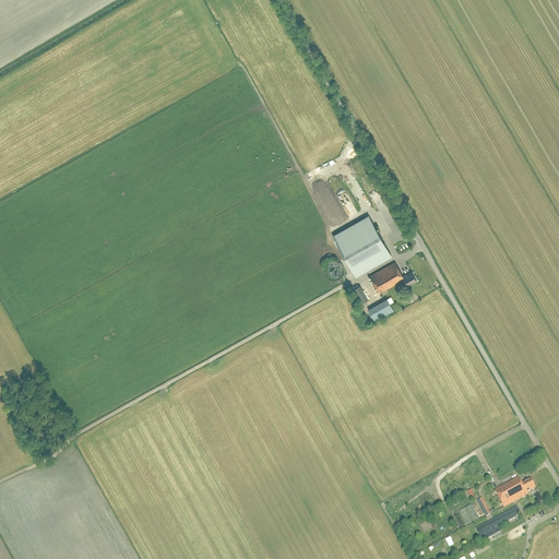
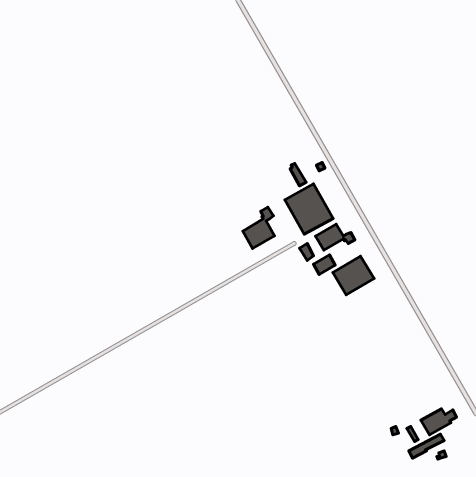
building: none -> [243,207,274,248]
building: none -> [333,256,374,295]

